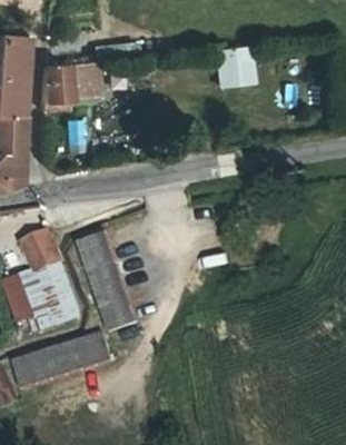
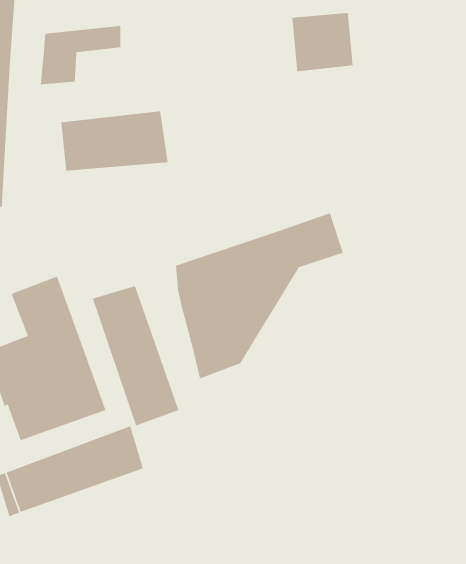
building: none -> [60,110,168,171]
building: none -> [175,212,344,380]

